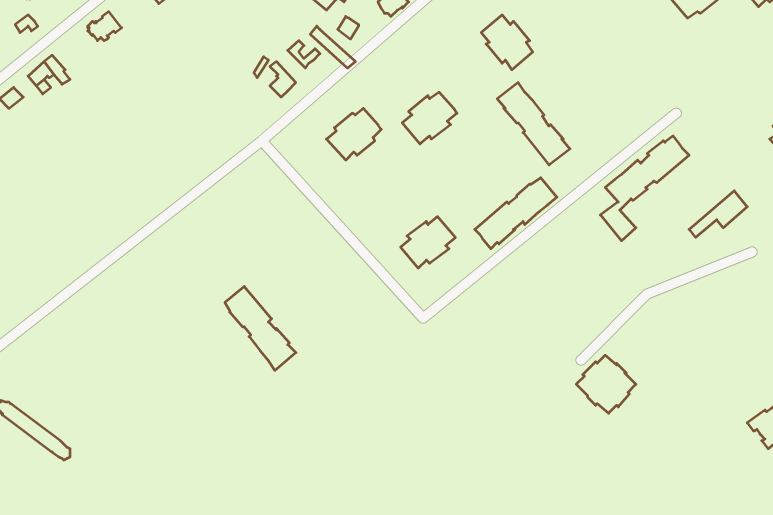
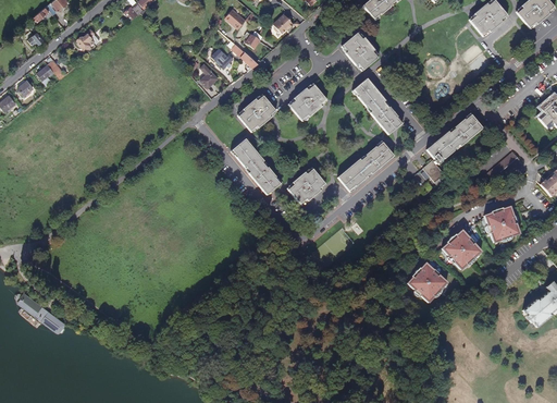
building: none -> [484,206,520,242]
building: [225,286,296,370] -> [233,138,281,195]
building: none -> [442,230,482,269]

